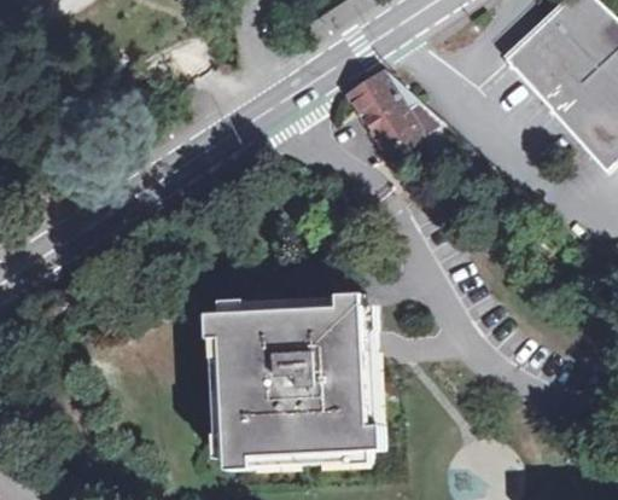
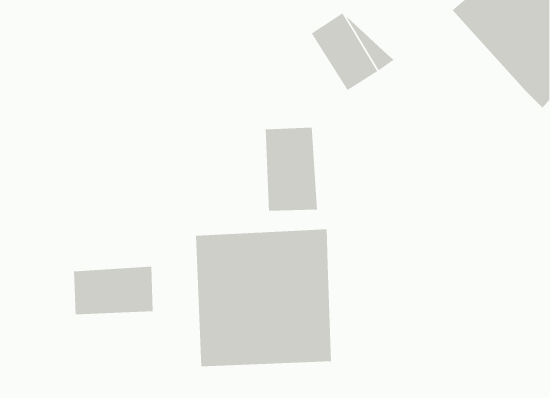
building: none -> [265,127,318,212]
building: none -> [73,266,153,315]

